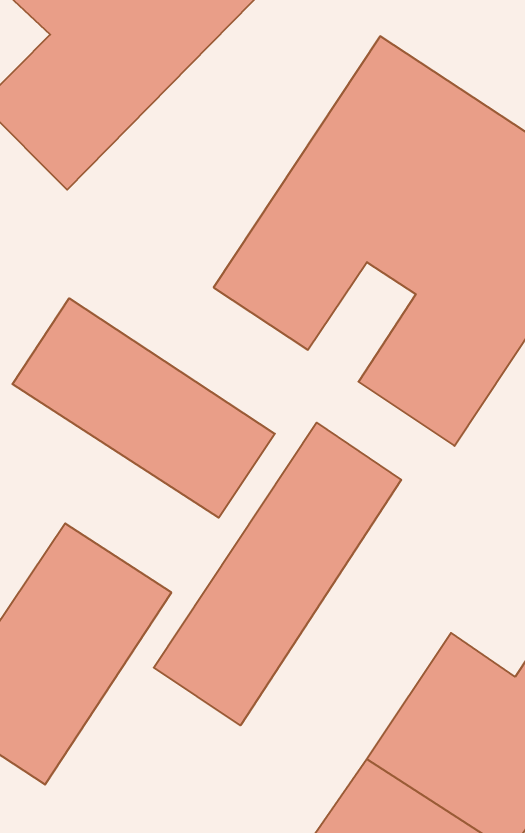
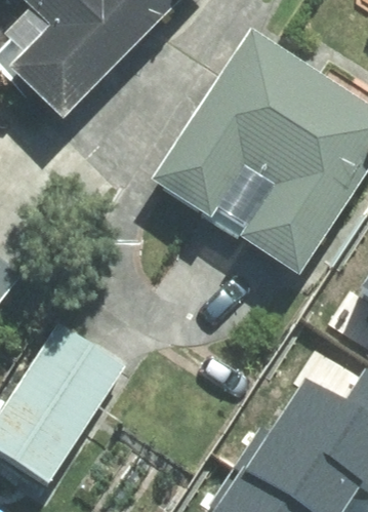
building: [12,298,275,518] -> none
building: [154,423,401,725] -> none

